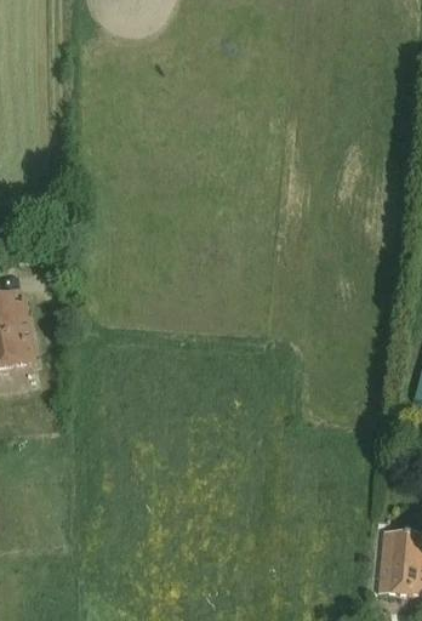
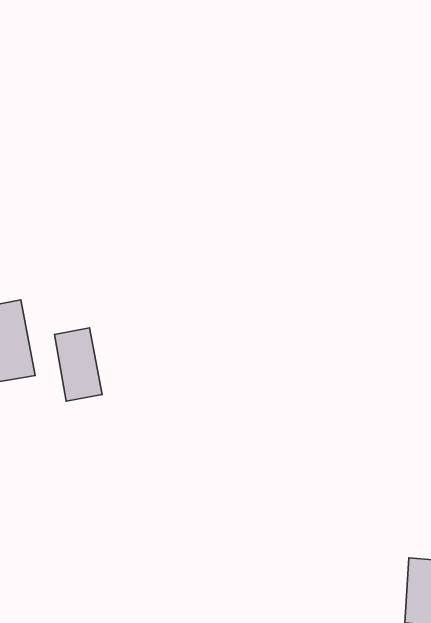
building: none -> [54,328,102,401]

